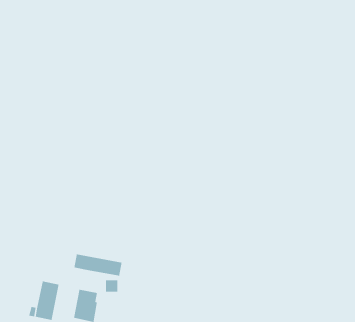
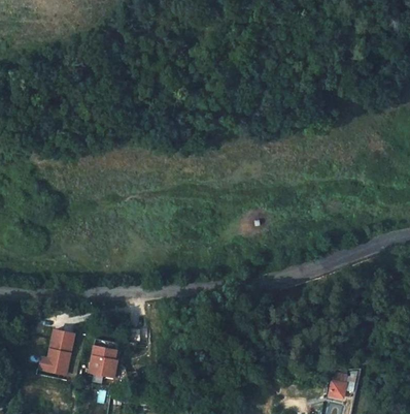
building: [74,253,122,277] -> none

